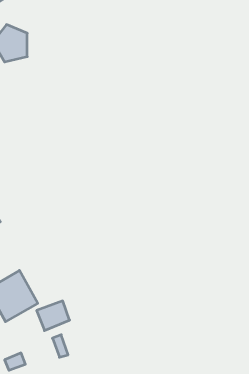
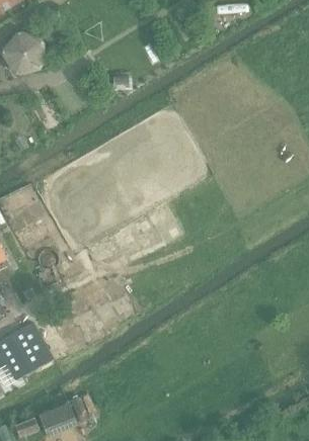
building: [37,301,70,331] -> [38,402,77,436]

